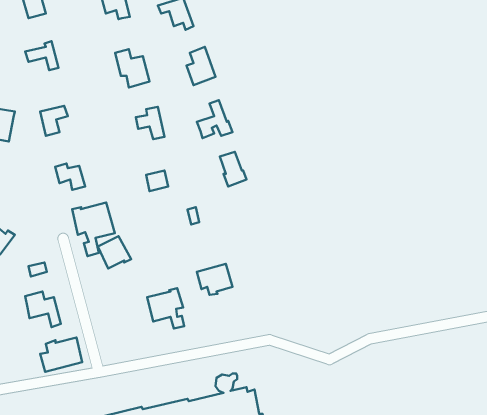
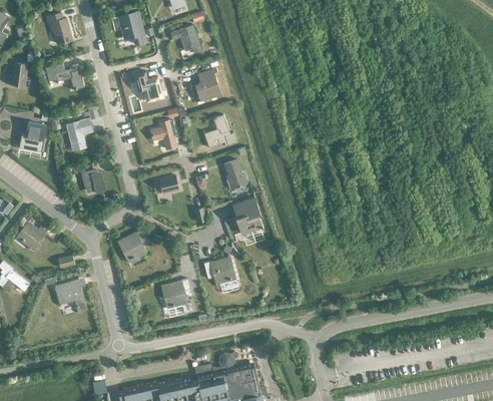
building: none -> [231,197,263,234]
building: [72,202,115,256] -> none
building: [40,338,82,372] -> none

